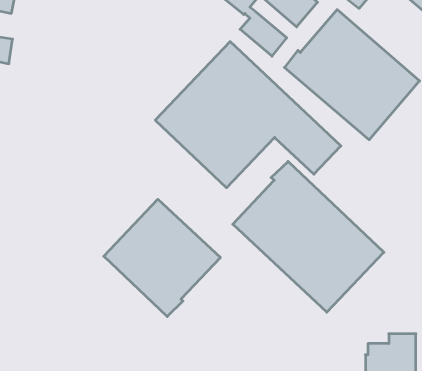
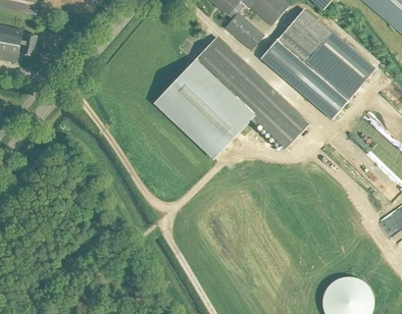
building: [233,161,384,312] -> none
building: [104,199,220,317] -> none

